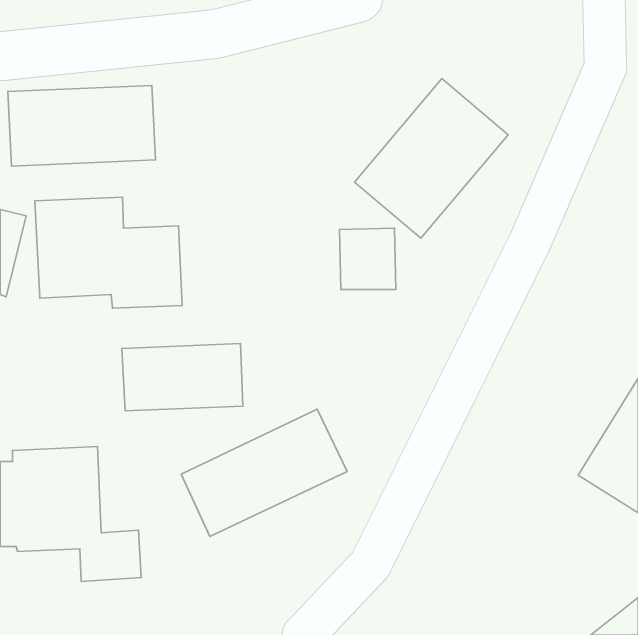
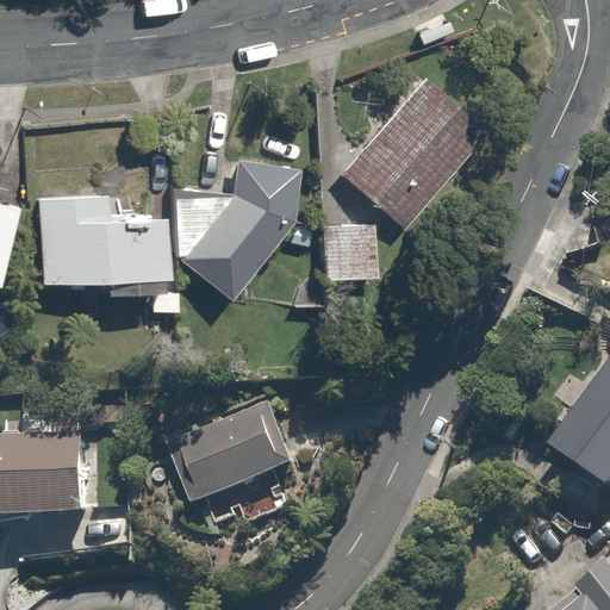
building: [8,85,155,166] -> none
building: none -> [174,163,305,295]
building: [122,344,243,411] -> none

